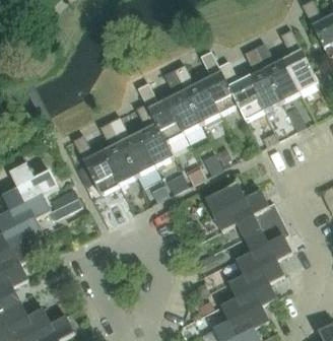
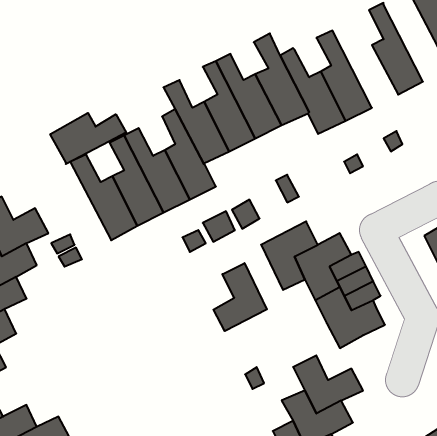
building: [256,43,302,101] -> none
building: none -> [50,113,126,164]
building: none -> [213,263,267,331]
building: [237,252,284,291] -> none

